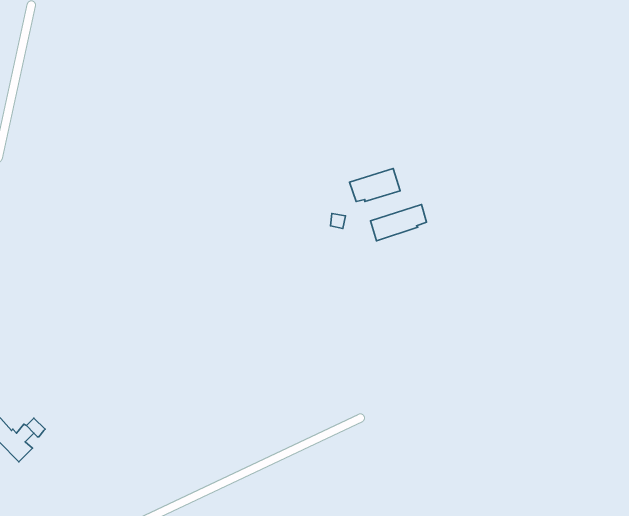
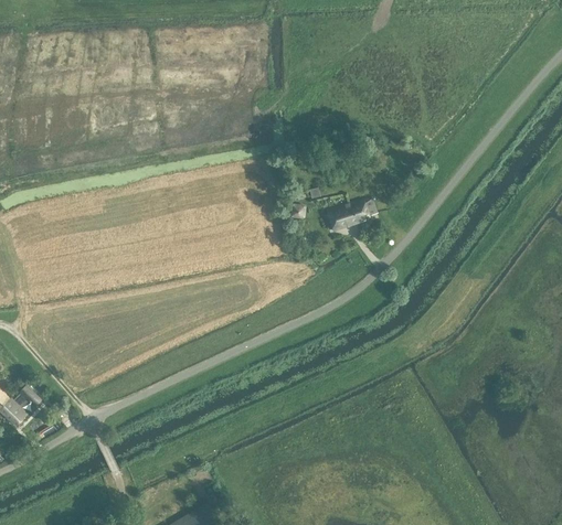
building: [349,168,400,202] -> none

